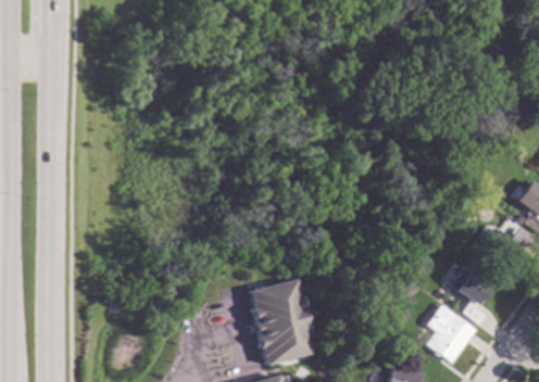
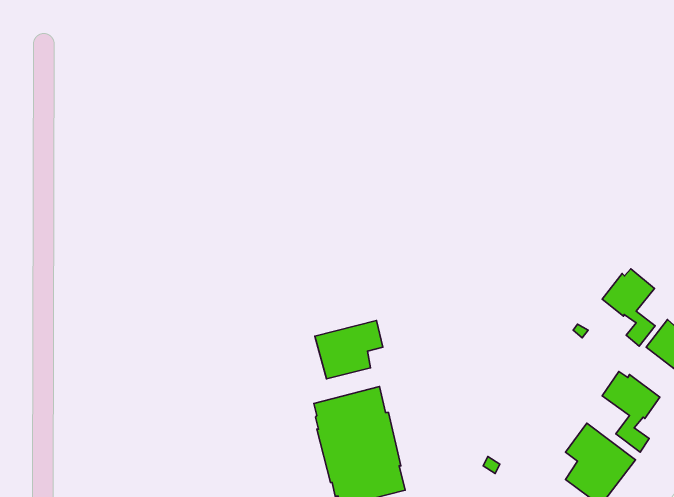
building: none -> [602,269,655,346]
building: none -> [315,320,383,379]

